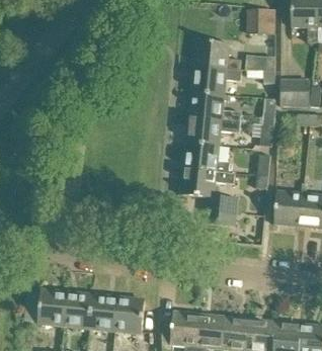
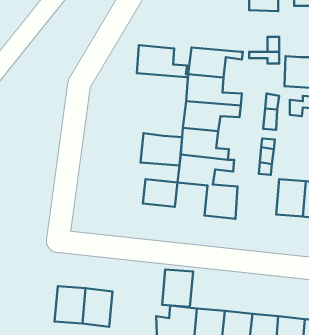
building: [193,40,242,71] -> [137,45,188,77]
building: none -> [141,133,182,166]
building: none -> [143,179,178,207]
building: [38,289,67,326] -> none
building: [115,297,145,333] -> [162,269,193,307]

